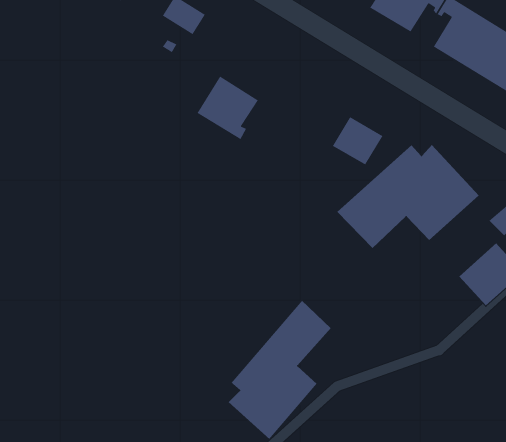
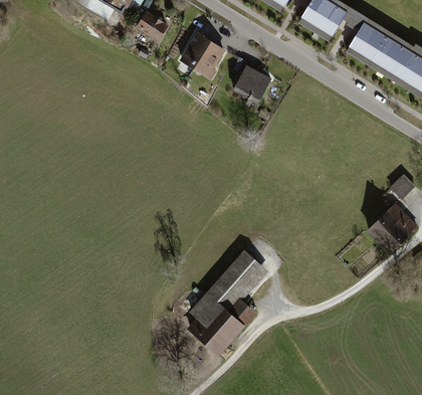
building: [197,75,259,140] -> [179,30,227,80]
building: [332,116,384,166] -> [234,64,274,103]
building: [336,144,480,249] -> none

